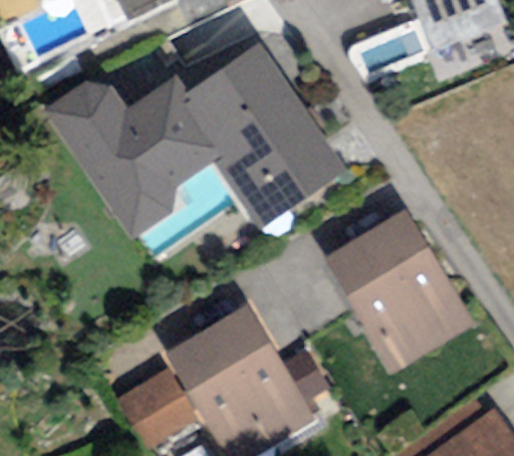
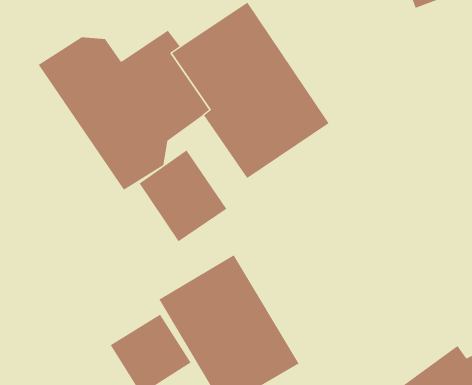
building: none -> [139,150,227,242]
building: [325,211,471,371] -> none

